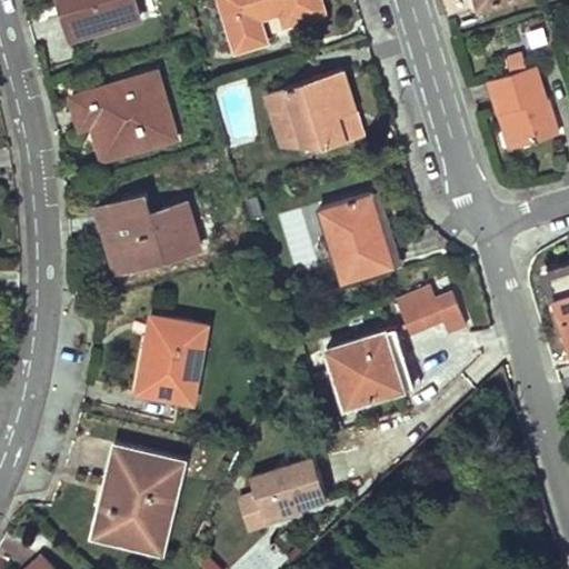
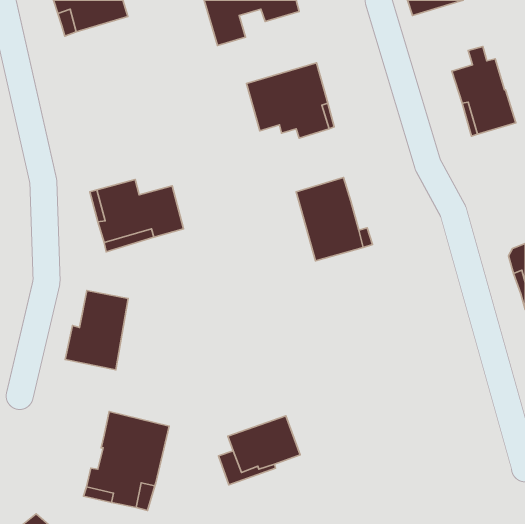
building: [71,73,173,161] -> none
building: [395,287,468,333] -> none
building: [136,318,203,403] -> [65,290,128,370]
building: [326,328,413,406] -> none

